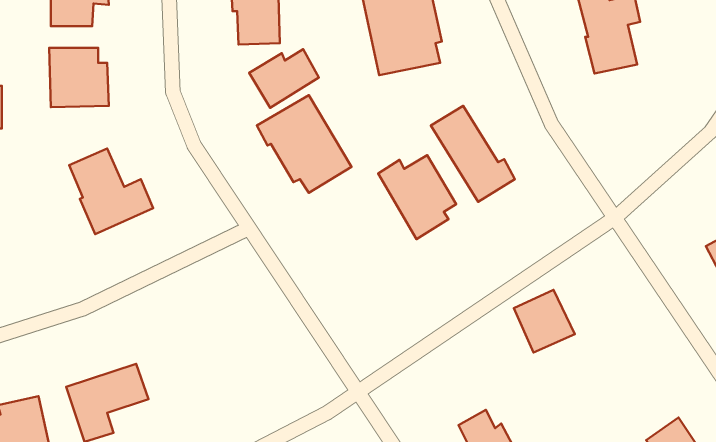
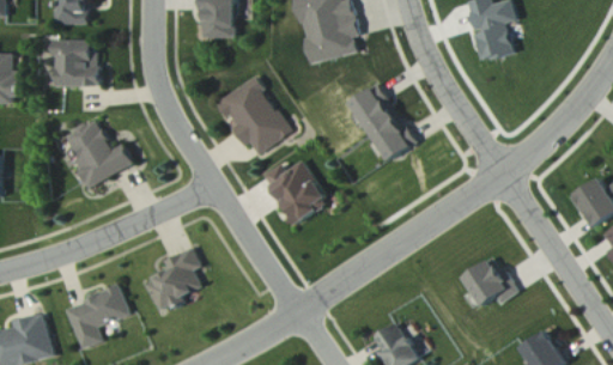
building: [249,49,319,108] -> none
building: [378,155,456,239] -> [265,159,326,225]
building: [514,290,575,352] -> [463,258,511,308]
building: none -> [145,248,202,312]

